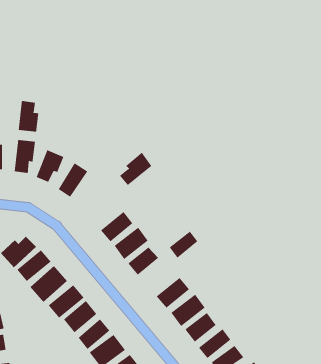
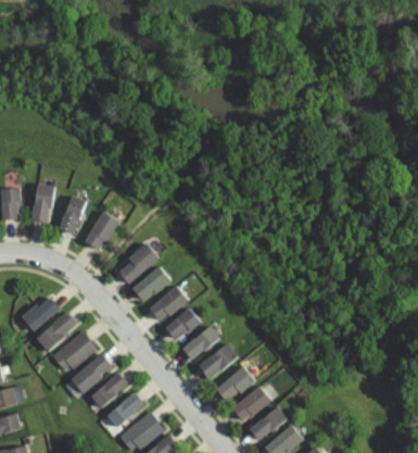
building: [18,100,39,132] -> none
building: [119,152,152,186] -> [118,242,157,282]
building: [169,231,198,258] -> [183,327,218,360]

